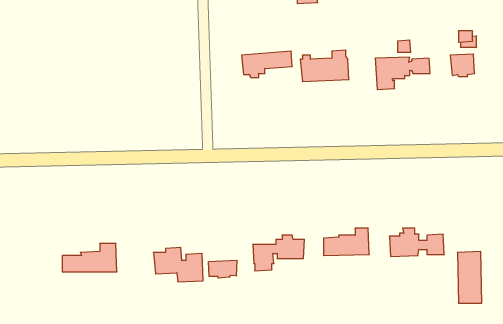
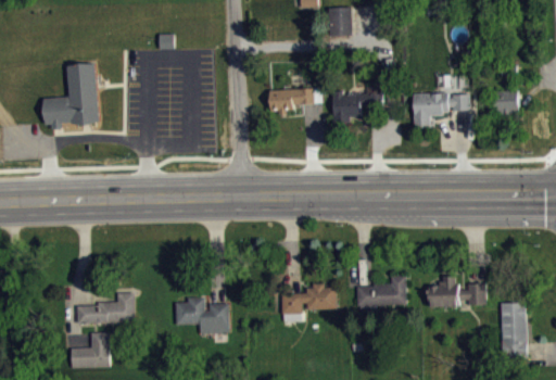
building: none -> [43,63,100,128]
building: [209,260,237,278] -> none
building: none -> [71,332,111,368]

